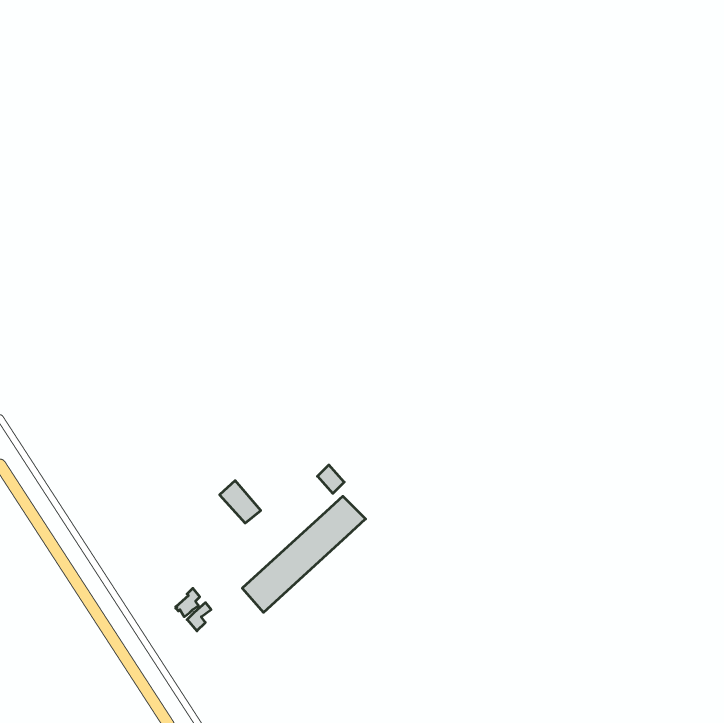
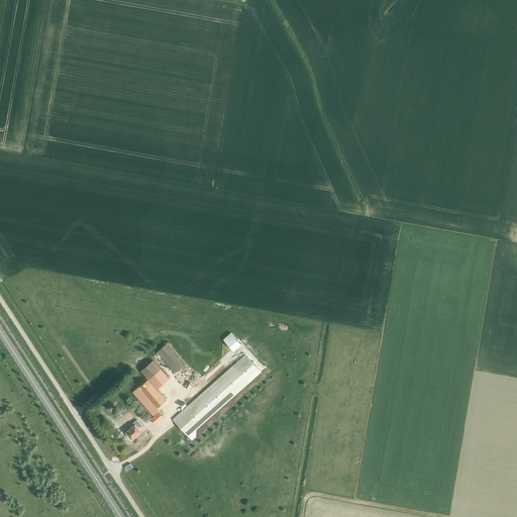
building: none -> [125,361,169,424]

